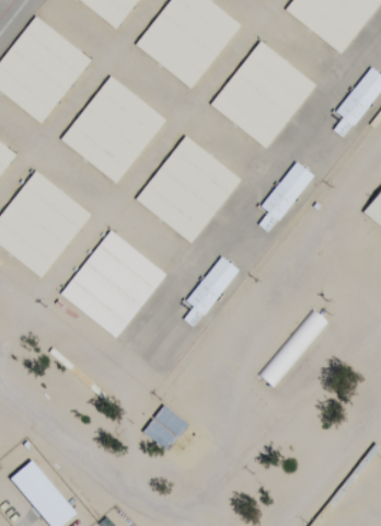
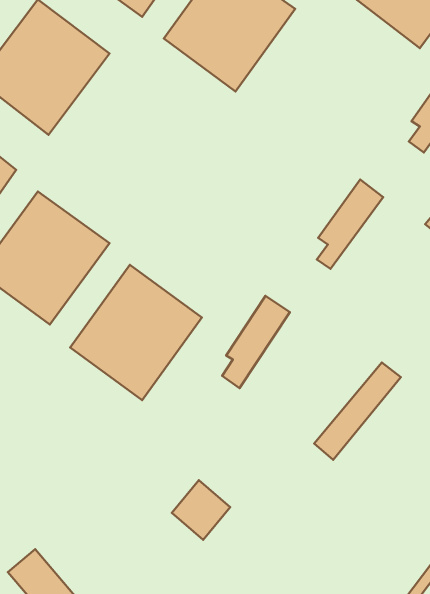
building: [210,39,318,149] -> none
building: [60,75,168,184] -> none
building: [136,135,242,243] -> none

